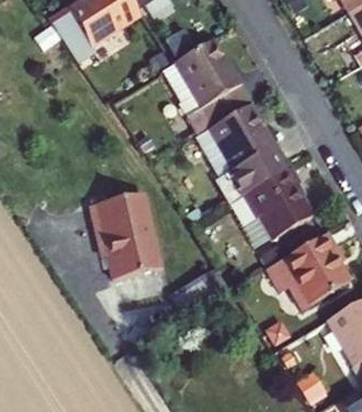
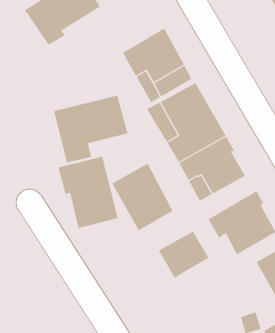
building: none -> [53,95,128,163]
building: none -> [112,163,173,231]
building: none -> [158,231,209,278]

